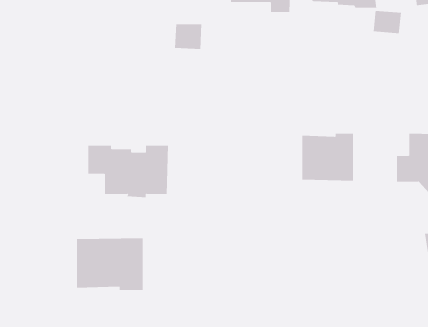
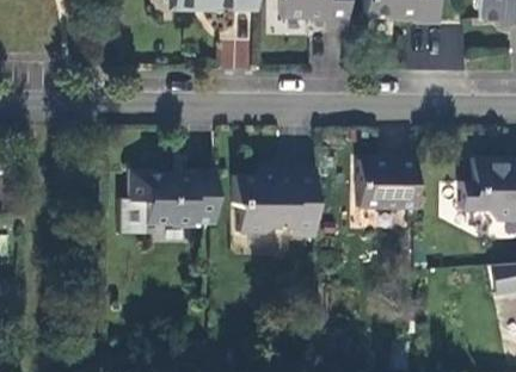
building: none -> [233,168,315,236]
building: [76,237,143,291] -> none

